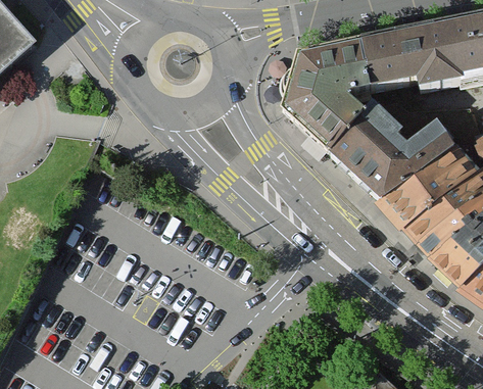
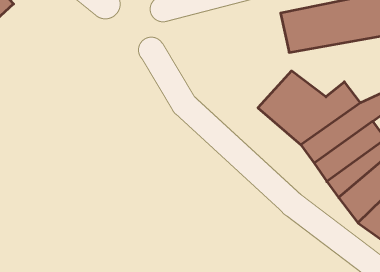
building: [279,39,373,154] -> none

